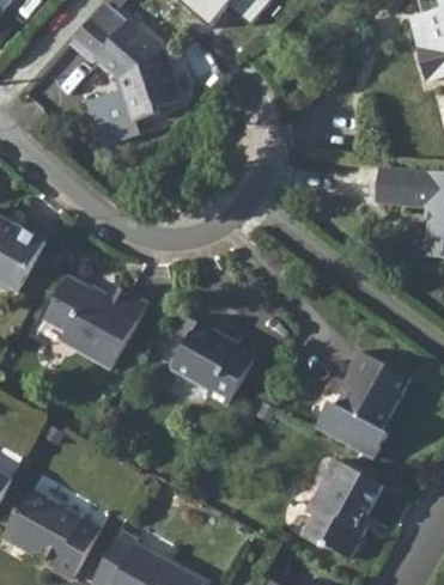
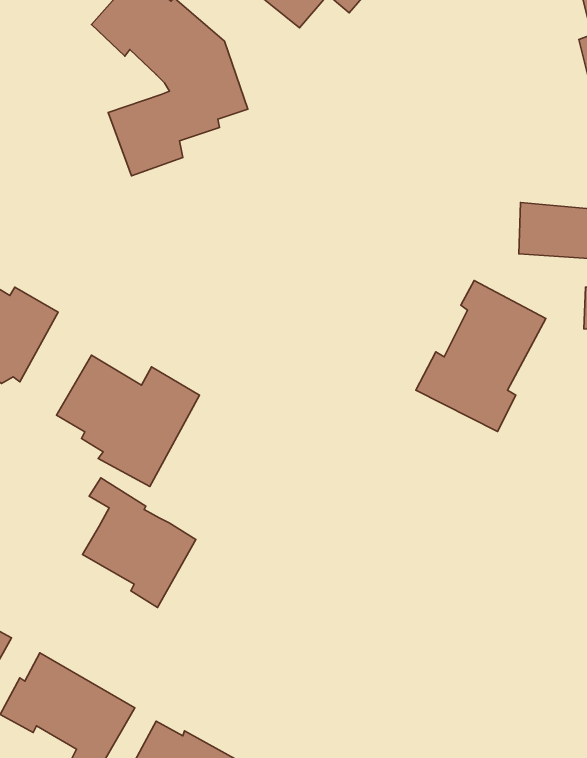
building: [172,311,254,404] -> [83,478,196,608]
building: [315,347,408,456] -> [416,280,546,432]
building: [300,458,382,556] -> none

